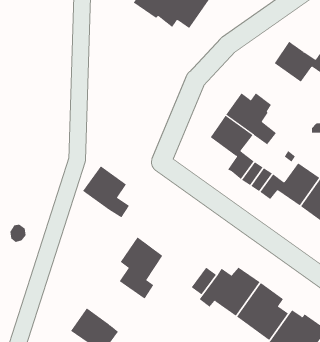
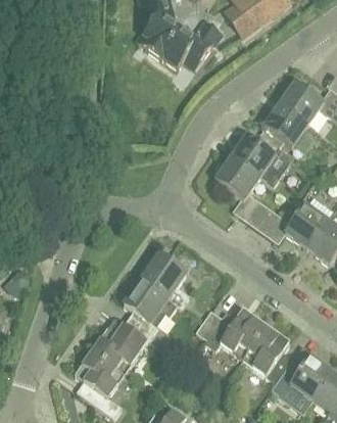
building: none -> [261,103,307,145]
building: [82,165,130,218] -> [142,252,190,306]
building: none -> [91,323,148,374]

